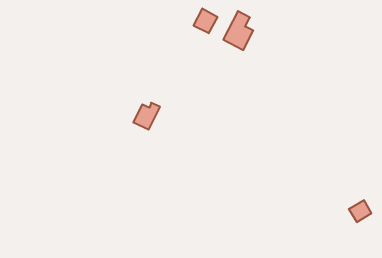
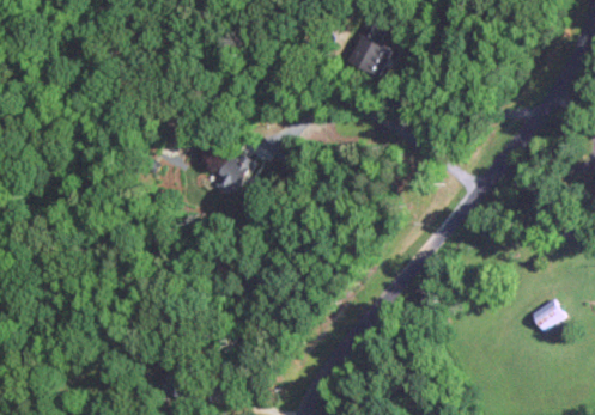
building: [194,8,217,33] -> none

